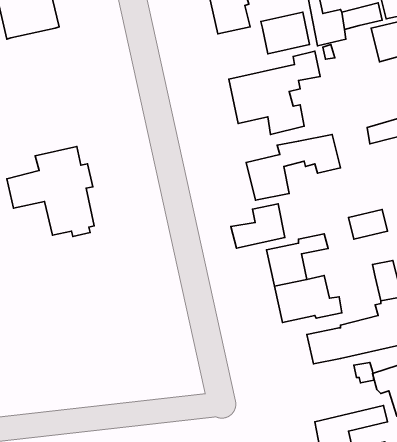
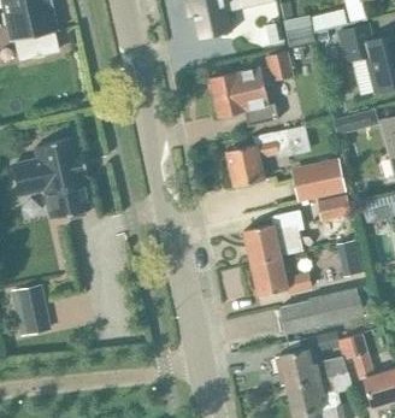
building: [231,204,285,248] -> [295,160,343,200]
building: none -> [16,302,49,334]
building: none -> [279,349,348,384]

